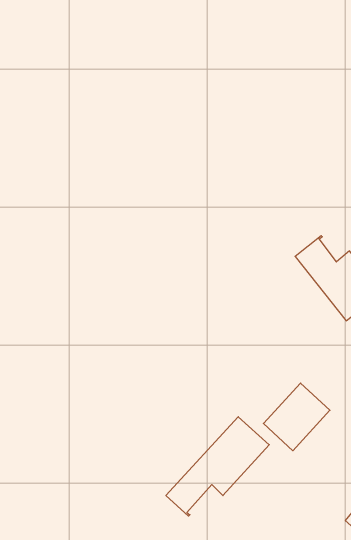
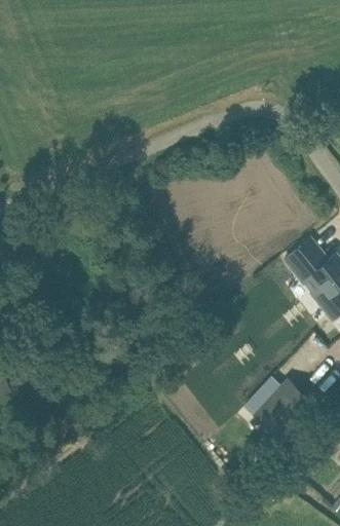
building: [166,417,269,516] -> none

